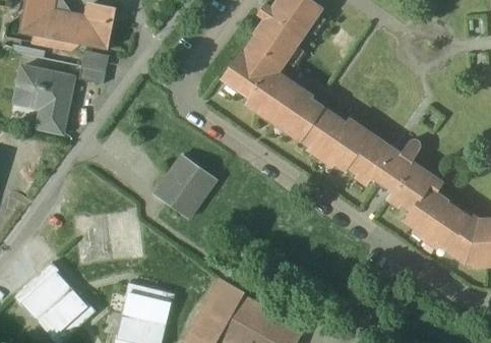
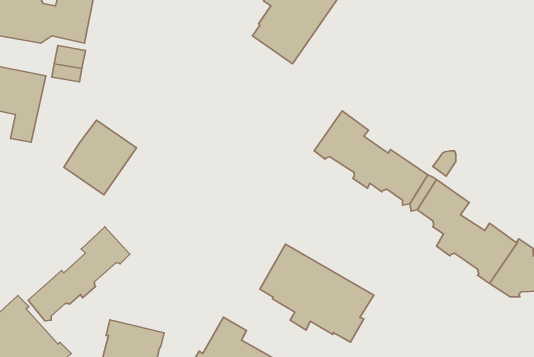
building: [225,43,324,140] -> none
building: [156,155,217,218] -> [64,120,136,195]
building: none -> [28,227,130,321]
building: none -> [260,244,374,342]

